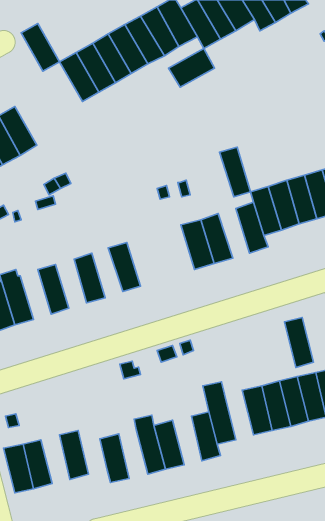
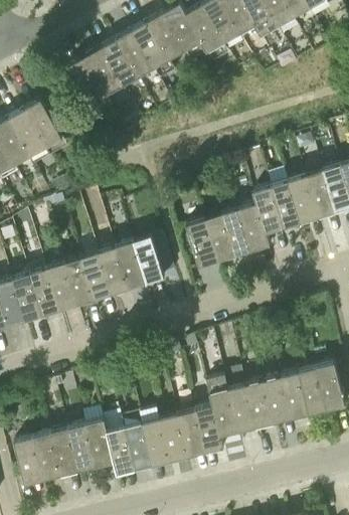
building: [21,23,60,71] -> [24,101,61,147]
building: [169,48,215,87] -> none
building: [219,147,251,197] -> [221,208,251,256]
building: none -> [133,235,164,284]
building: none -> [99,246,129,295]
building: none -> [63,258,94,305]
building: none -> [29,268,59,316]
building: [284,318,313,367] -> [227,384,255,433]
building: none -> [177,409,205,457]
building: none -> [85,419,114,466]
building: none -> [125,422,153,470]
building: none -> [49,427,77,475]

